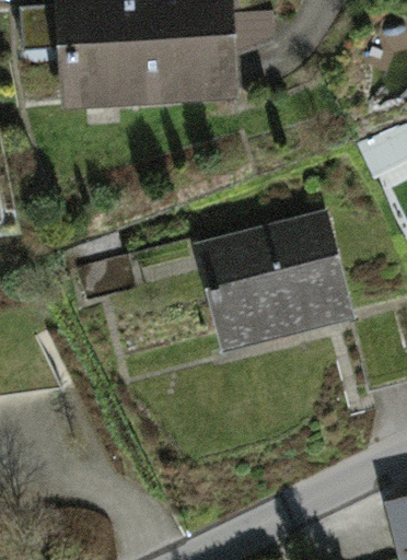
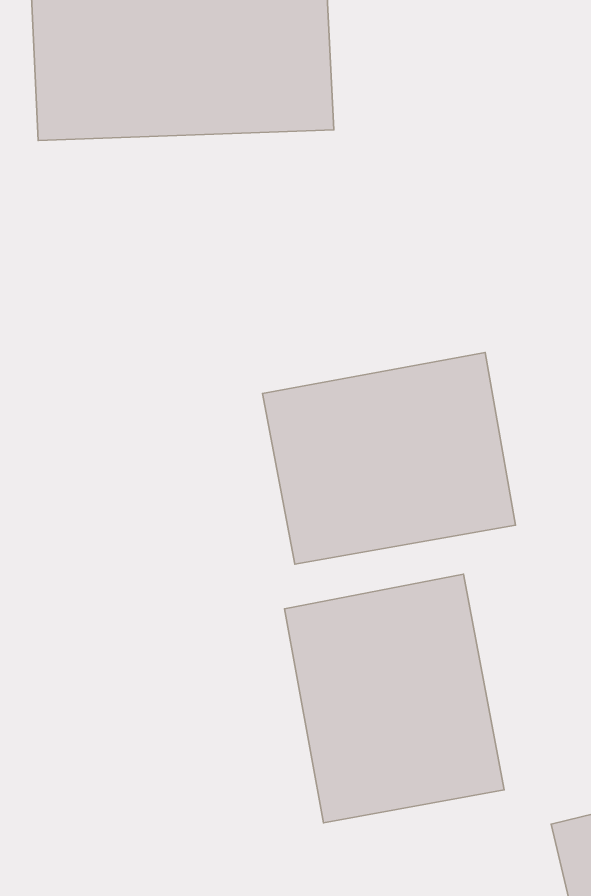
building: none -> [285,574,504,823]

